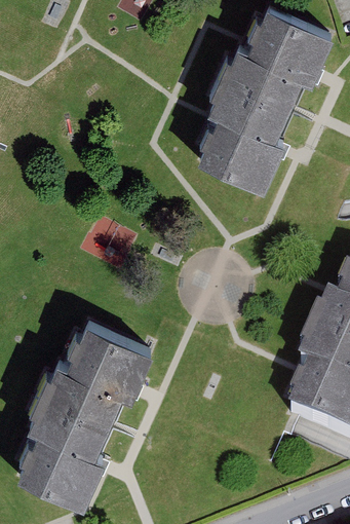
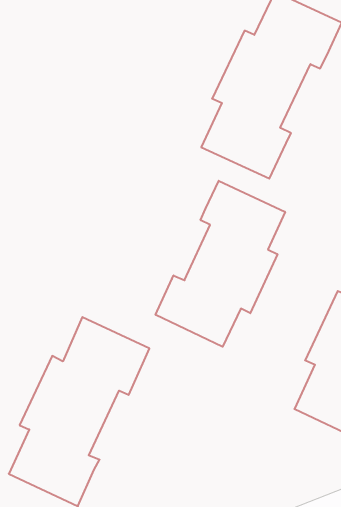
building: none -> [156,181,285,347]

